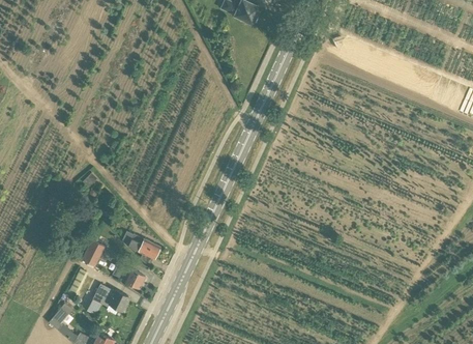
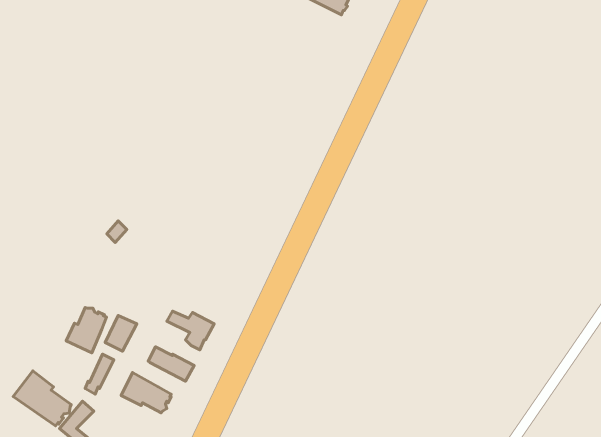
building: none -> [66,308,107,353]
building: none -> [13,371,71,426]

